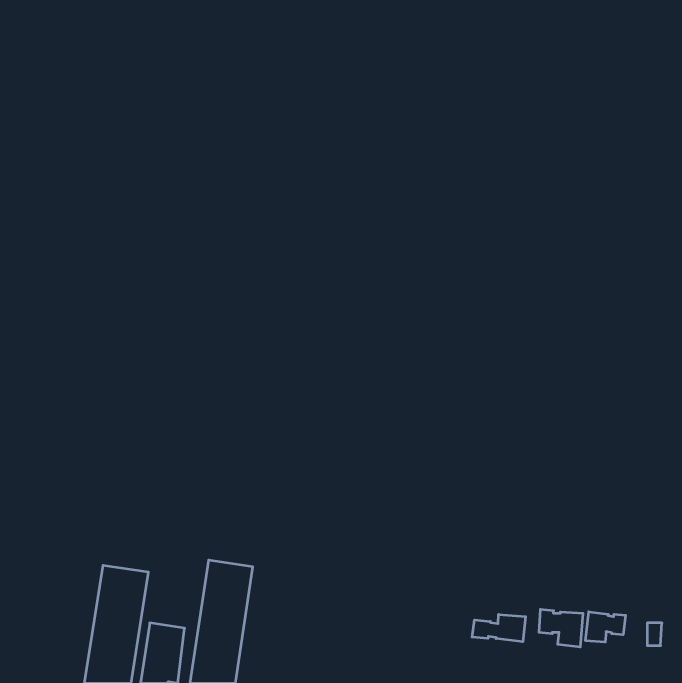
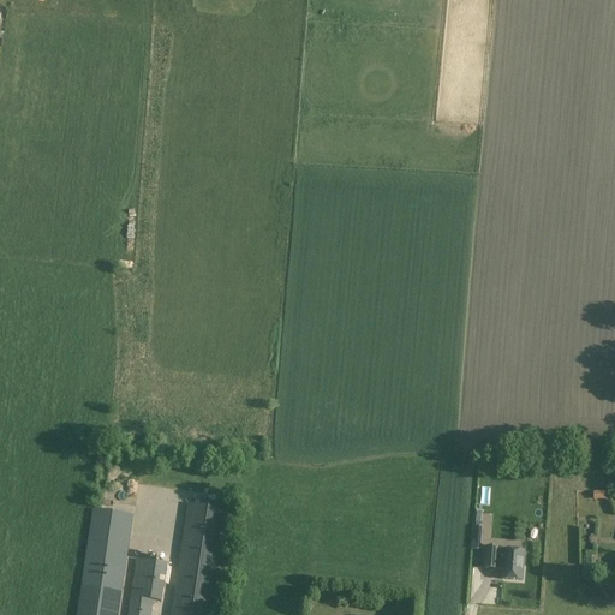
building: [586,612,626,642] -> none
building: [472,614,526,642] -> none

